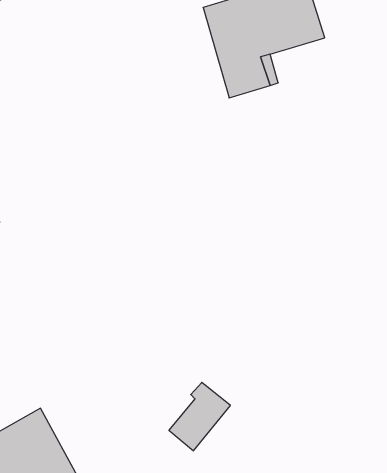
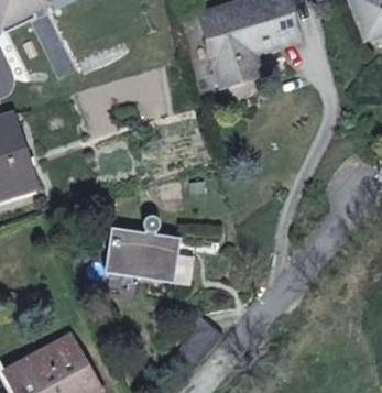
building: none -> [96,215,177,281]

